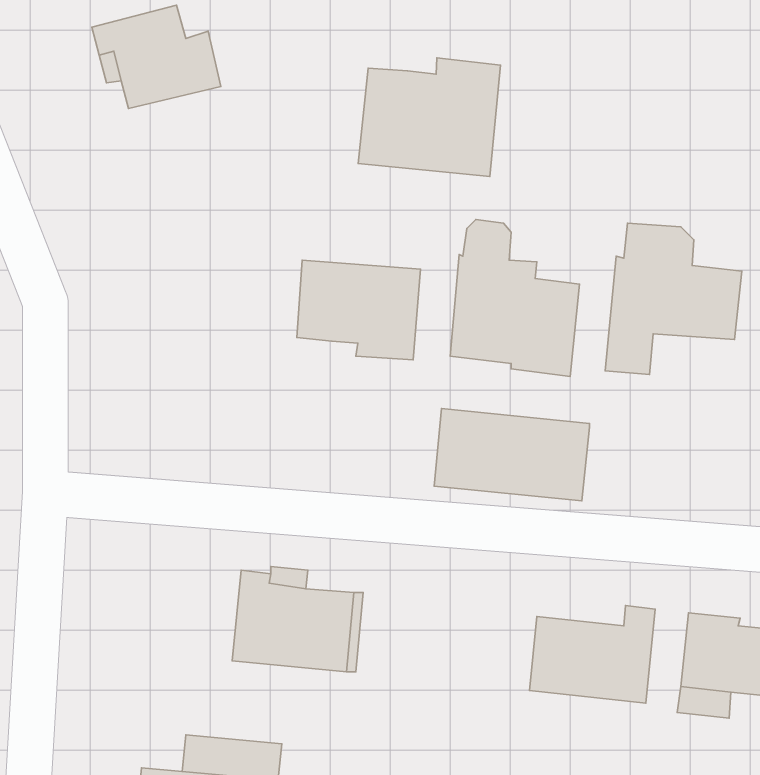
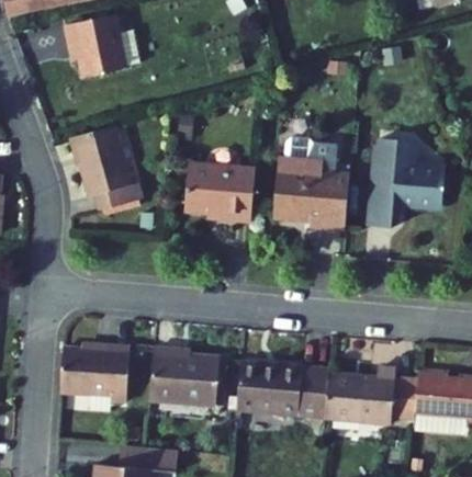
building: [358,58,500,176] -> none
building: none -> [74,122,146,207]
building: [434,409,589,501] -> [235,363,327,418]
building: none -> [58,341,128,405]

